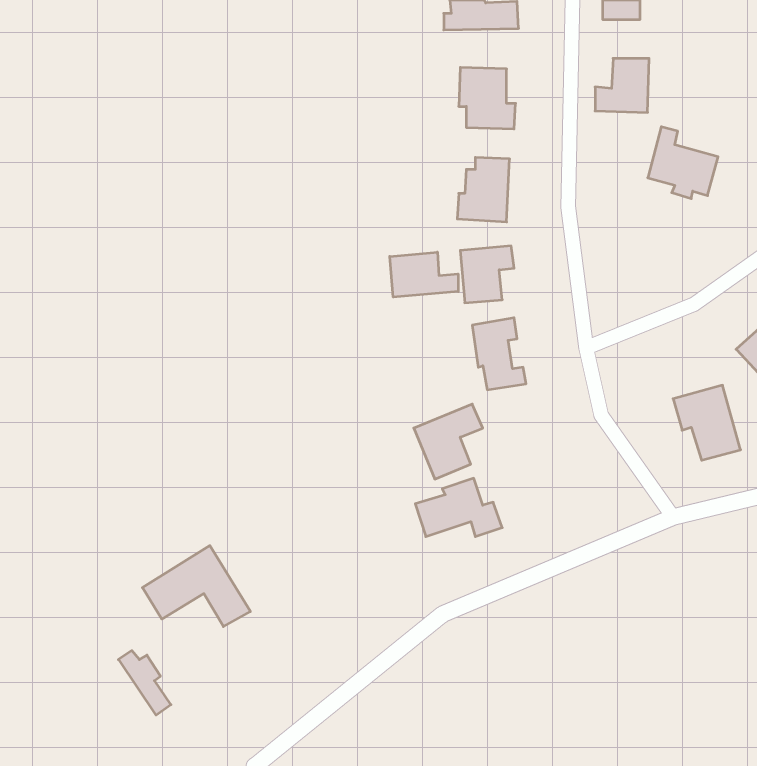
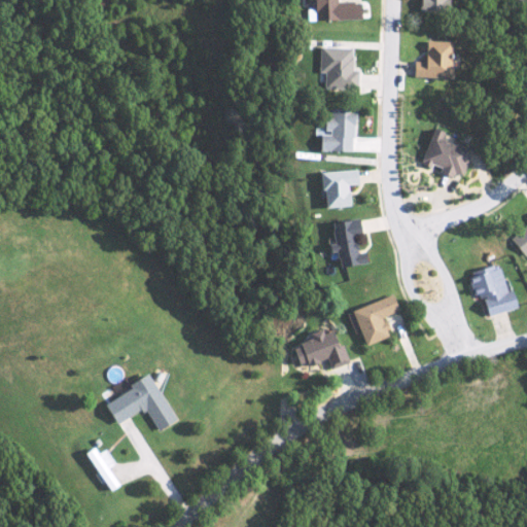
building: [648,127,718,199] -> [424,128,472,177]
building: [390,252,458,297] -> none
building: [414,404,483,479] -> [352,294,399,346]

